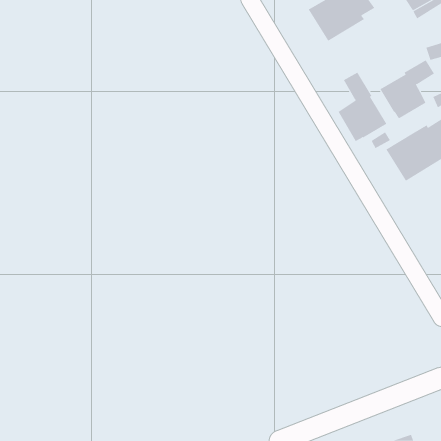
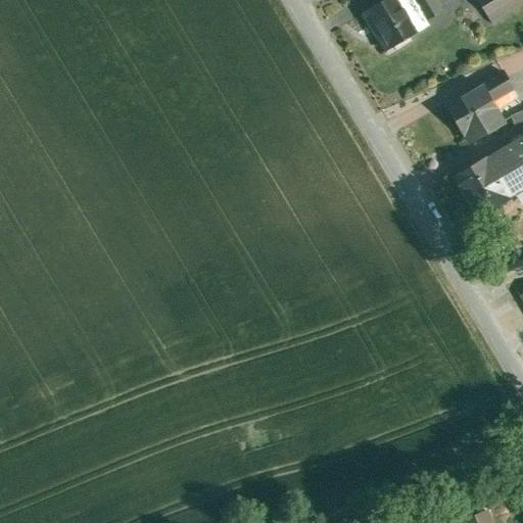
building: [338,72,387,142] -> none

